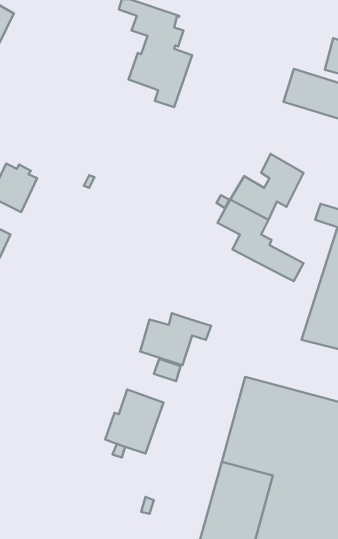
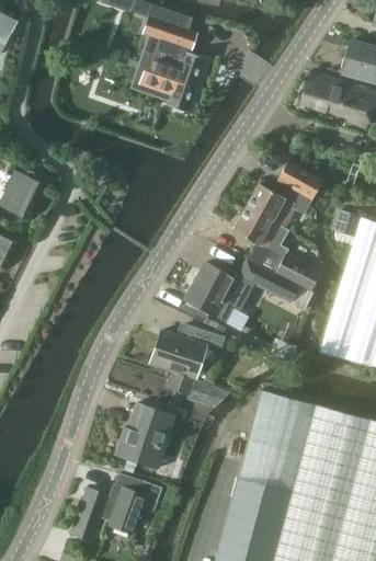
building: none -> [185,259,297,321]
building: none -> [190,381,232,407]
building: none -> [70,482,162,543]

